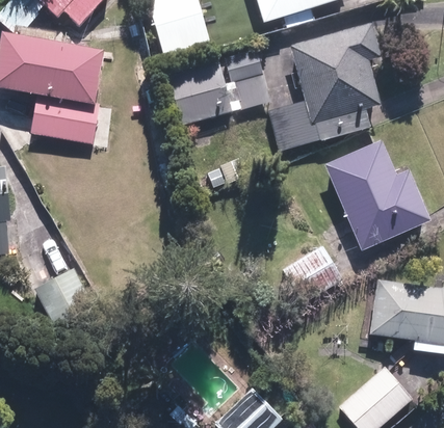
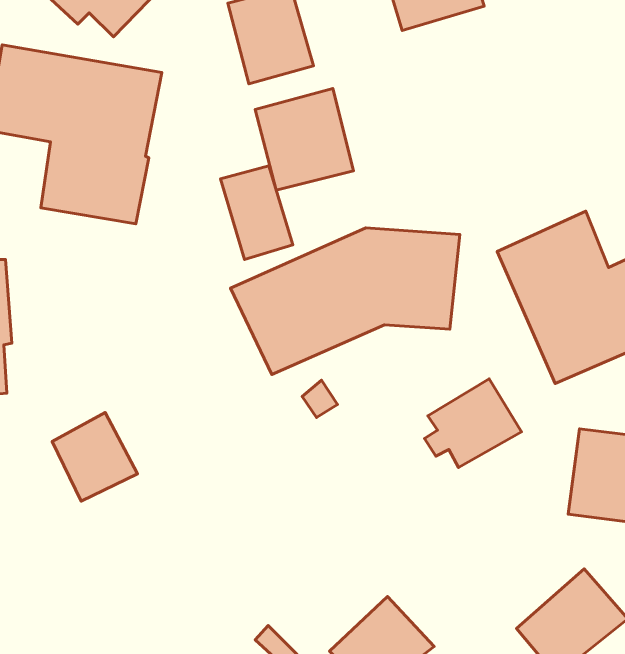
building: [267,22,384,150] -> none
building: [221,50,268,110] -> [220,166,293,259]
building: none -> [231,228,460,375]

